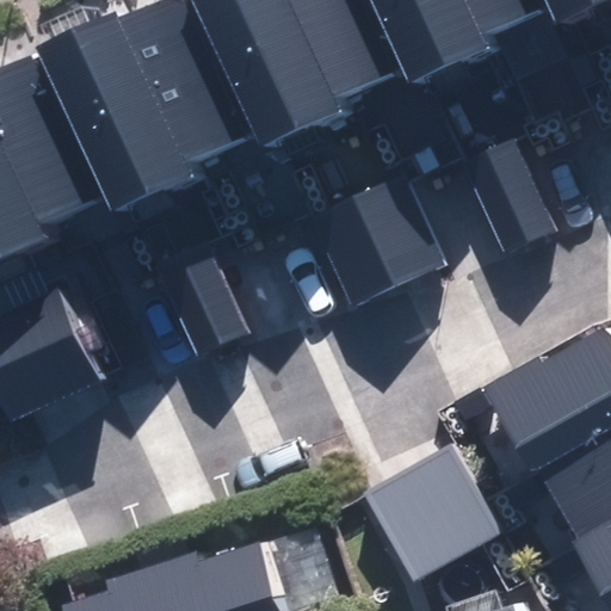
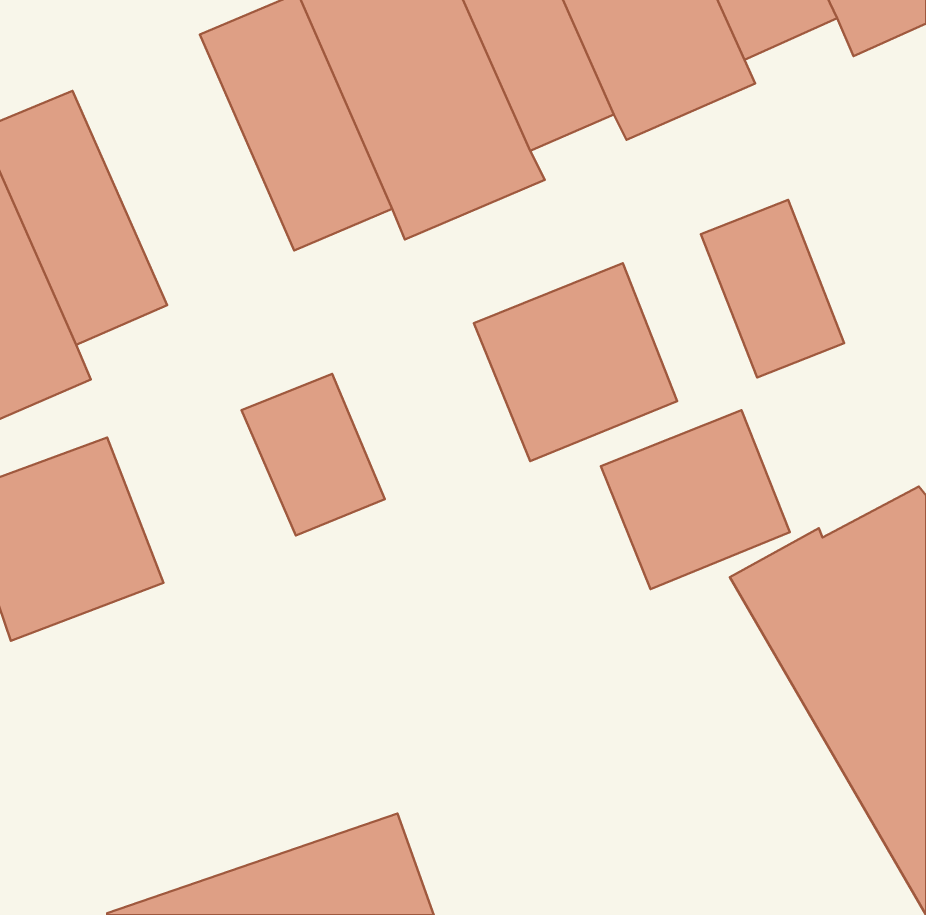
building: [48,23,202,221] -> none
building: none -> [601,410,790,589]
building: [363,442,510,590] -> none

